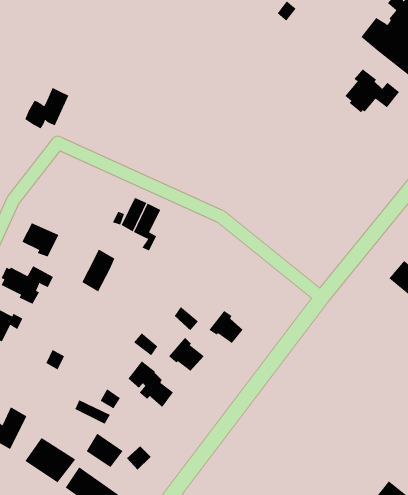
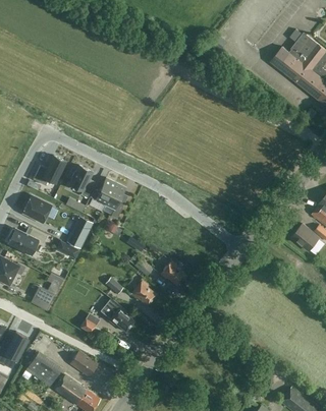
building: [344,68,400,113] -> none
building: [24,87,69,129] -> [33,156,65,186]
building: none -> [69,165,95,197]

